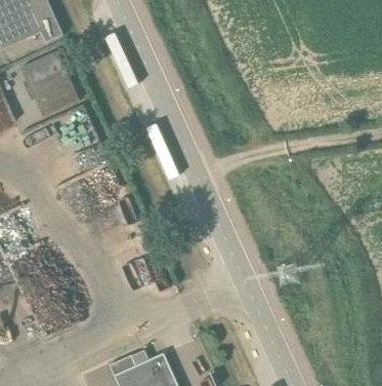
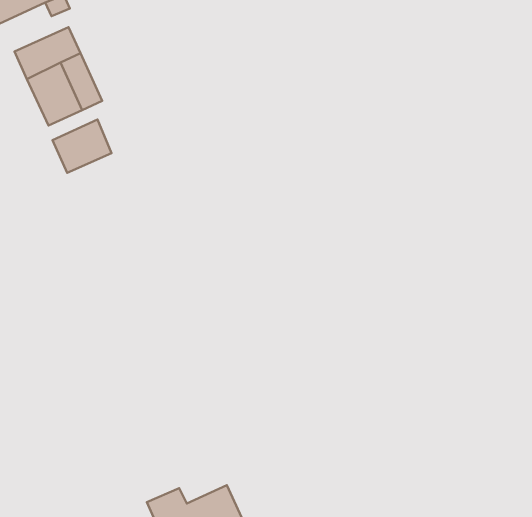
building: none -> [52,119,111,173]

